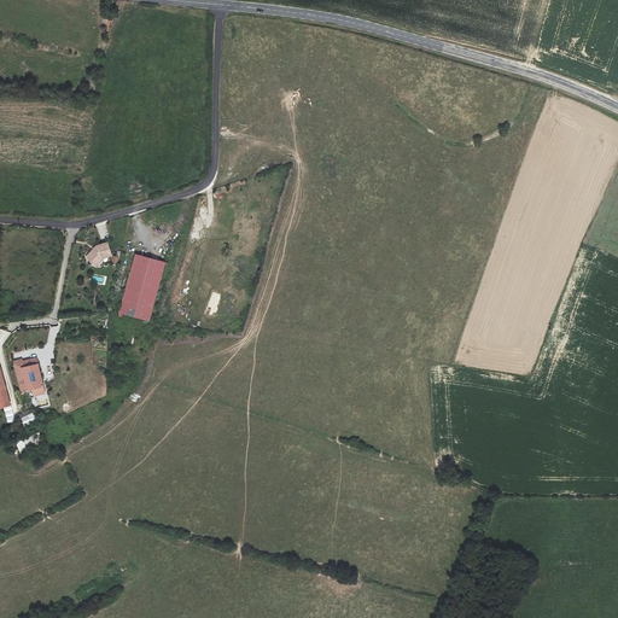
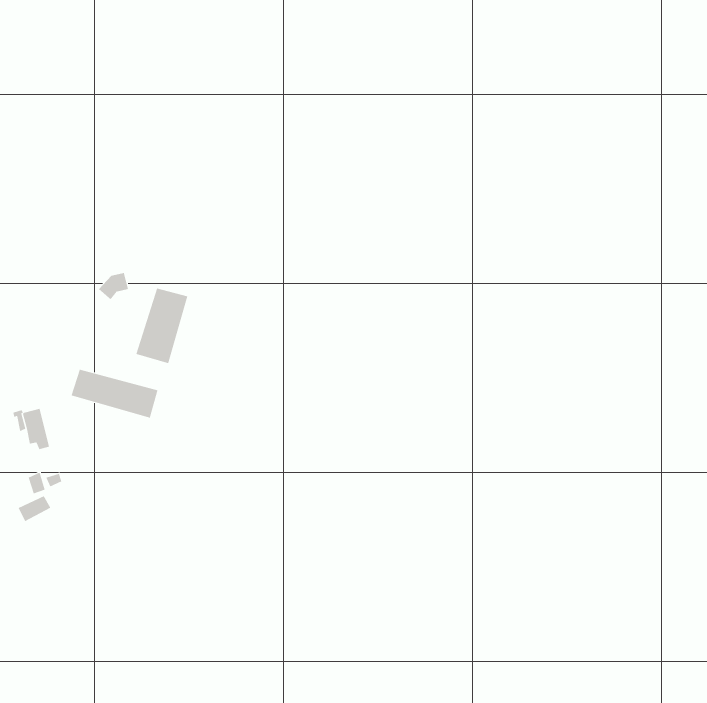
building: none -> [71,369,158,419]

